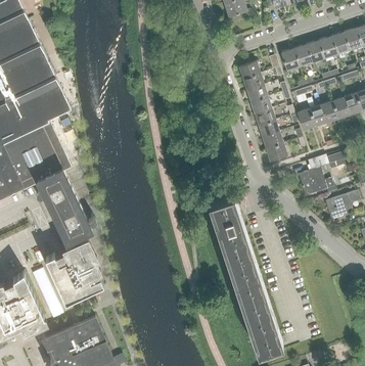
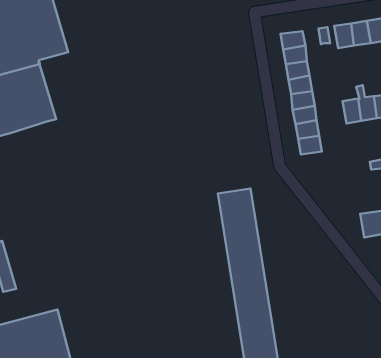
building: [34,167,97,240] -> none
building: [298,167,331,195] -> none
building: [45,238,104,301] -> none

